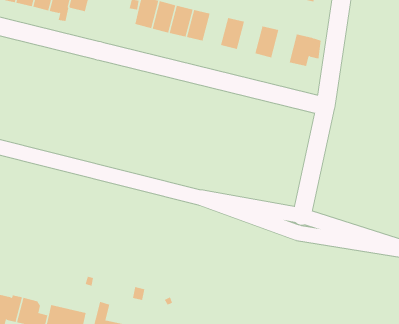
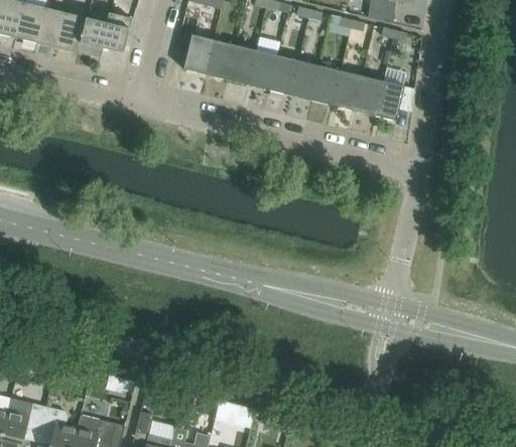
building: none -> [268,55,298,95]
building: none -> [310,65,341,105]
building: none -> [353,76,383,116]

